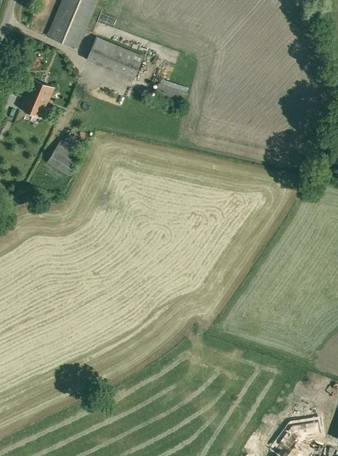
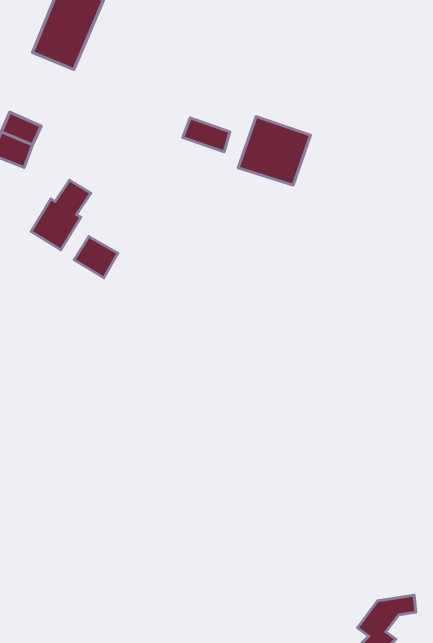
building: [85,36,143,80] -> none
building: none -> [238,117,310,185]
building: none -> [74,236,118,278]

